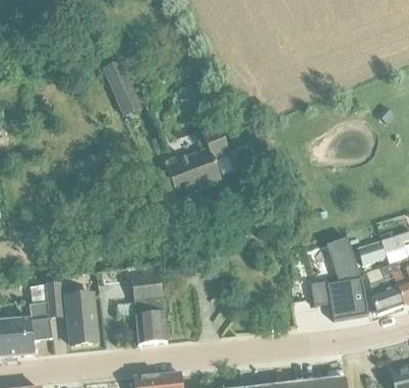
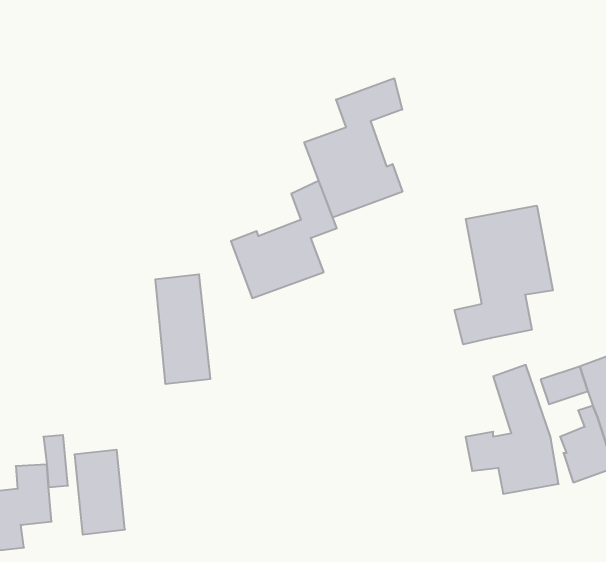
building: [104,59,141,116] -> none
building: none -> [304,78,402,218]
building: none -> [455,206,553,344]
building: [132,275,167,343] -> [155,274,211,384]

